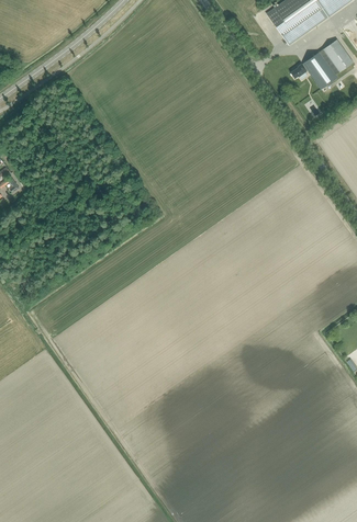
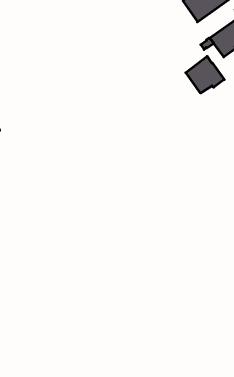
building: none -> [186,56,224,93]

